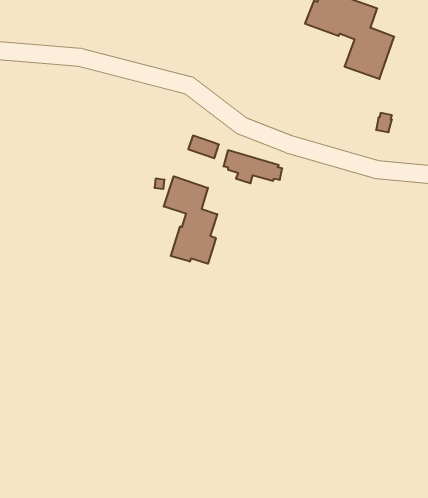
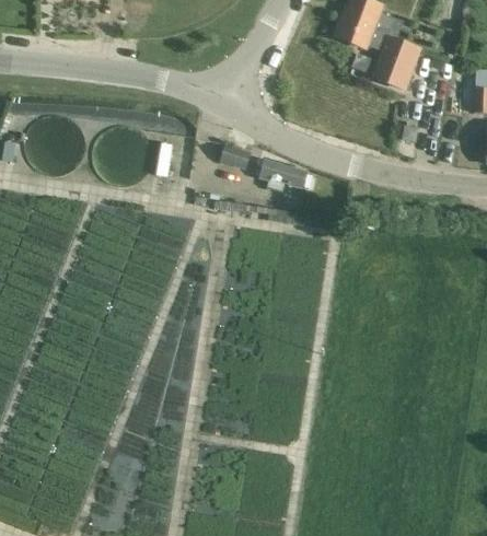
building: [164,176,217,264] -> none

